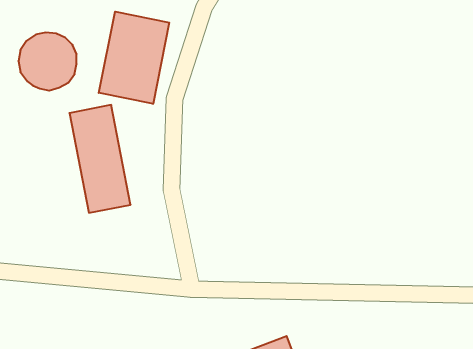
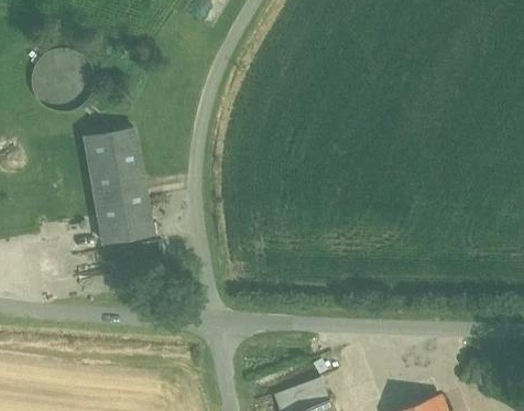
building: [99,12,169,104] -> none

